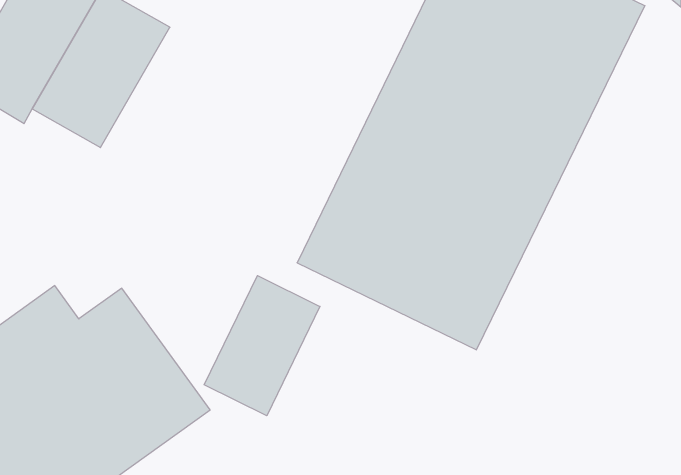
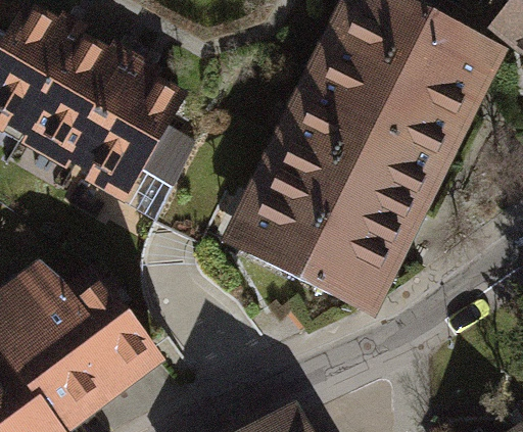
building: none -> [77,62,196,186]
building: [204,276,320,416] -> none

